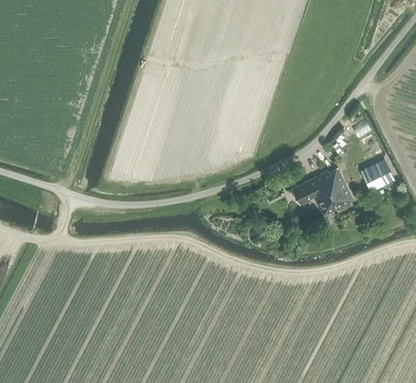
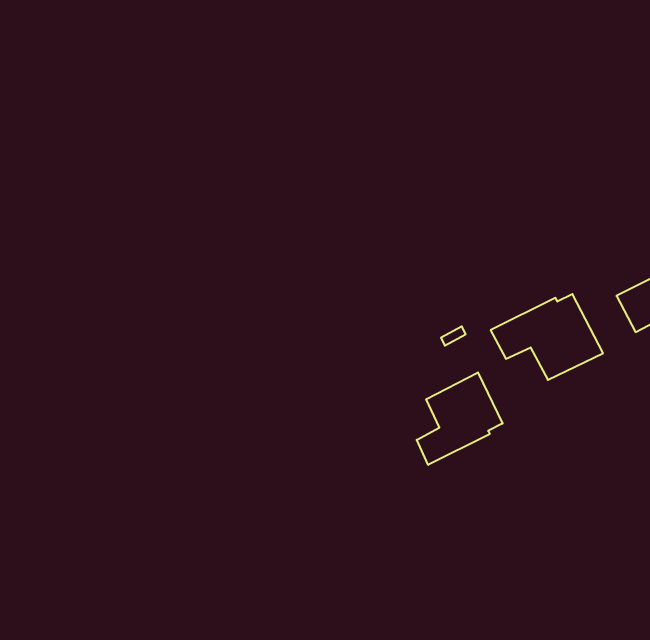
building: none -> [417,372,503,465]

